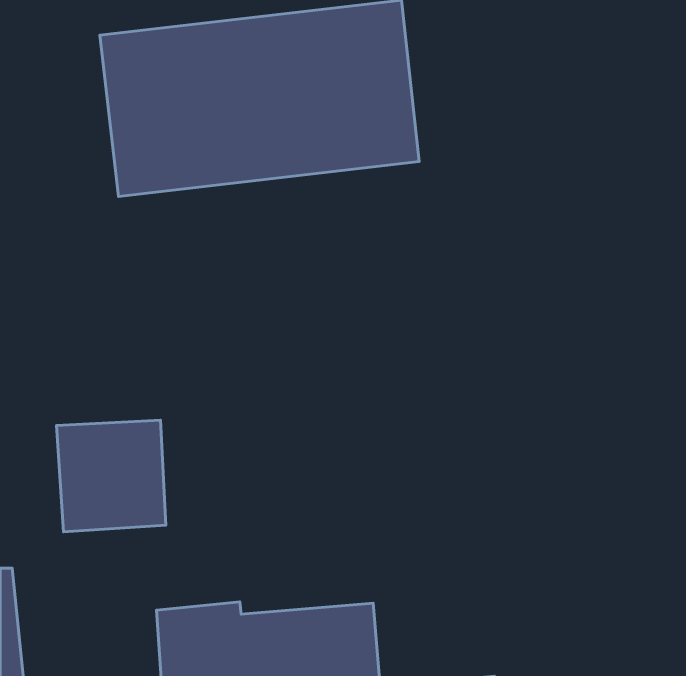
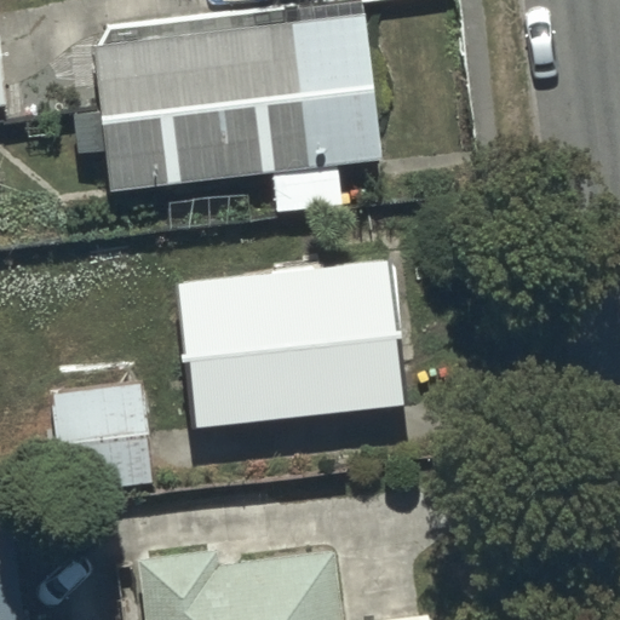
building: none -> [186,259,397,426]

